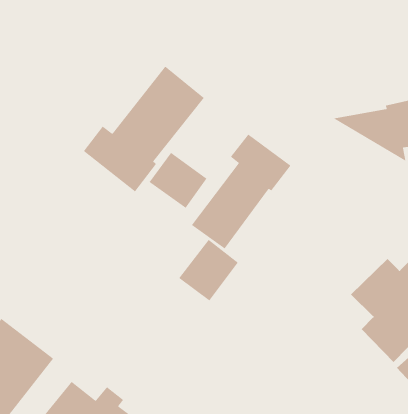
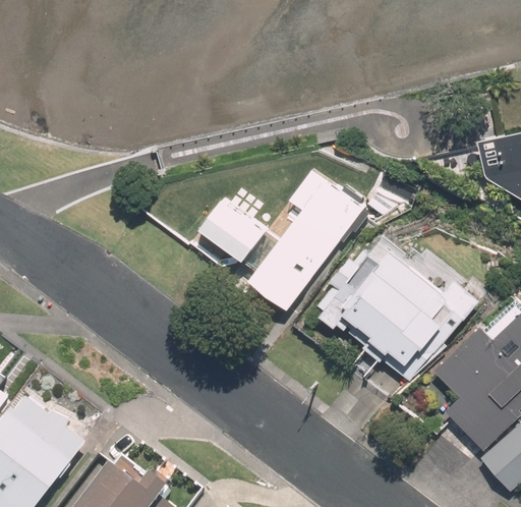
building: [83,66,205,193] -> none
building: none -> [313,247,480,380]
building: [178,239,239,301] -> none

